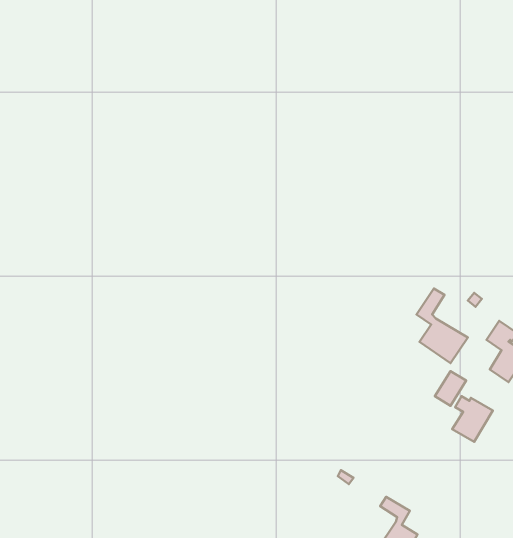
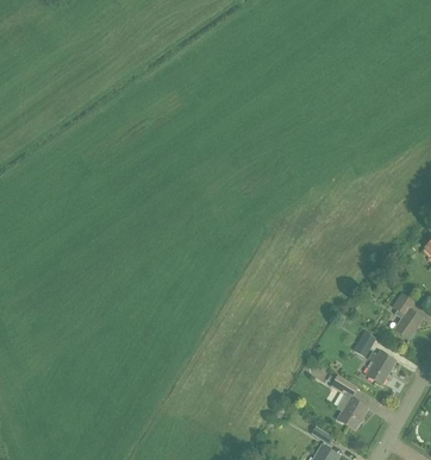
building: [417,289,468,363] -> none
building: none -> [331,374,368,429]

